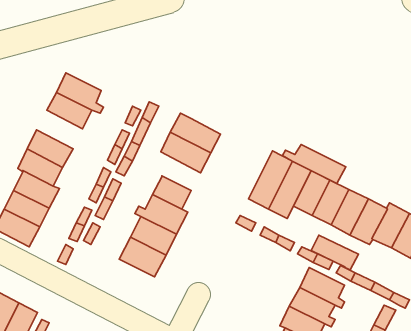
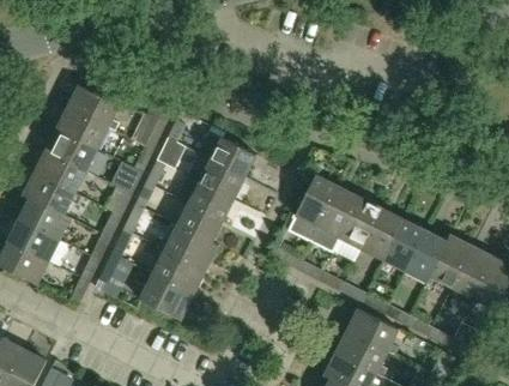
building: none -> [44,127,97,171]
building: [283,145,346,183] -> none
building: none -> [175,175,232,219]
building: [311,235,359,270] -> none

